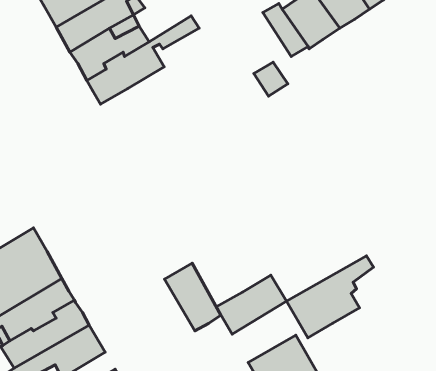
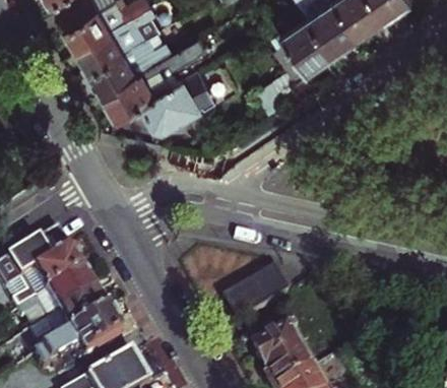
building: none -> [144,73,217,132]
building: [287,256,373,338] -> none
building: [165,263,221,331] -> none

